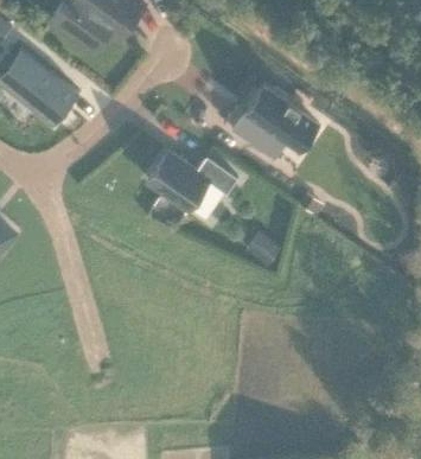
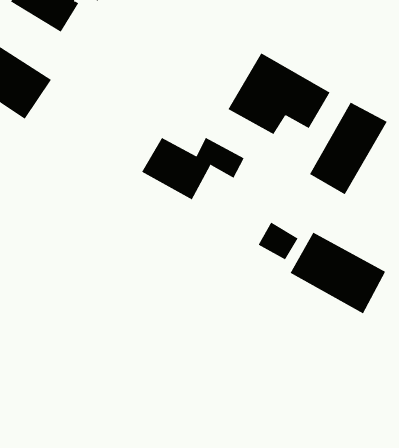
building: none -> [309,102,387,195]
building: none -> [290,232,386,314]

